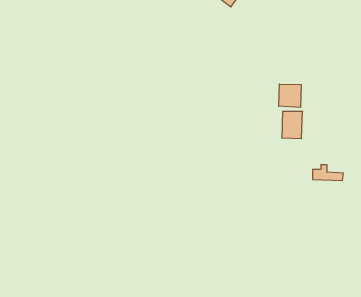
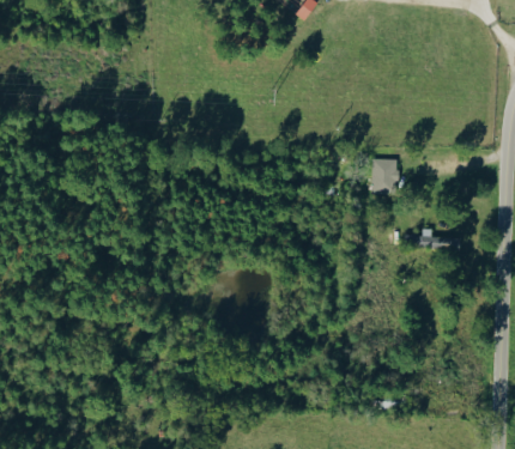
building: [279,84,301,107] -> none

